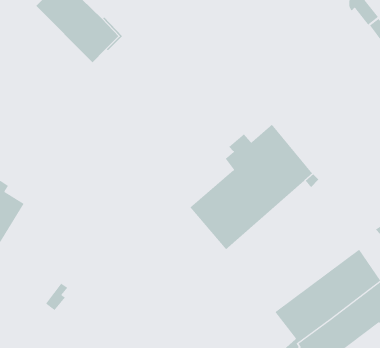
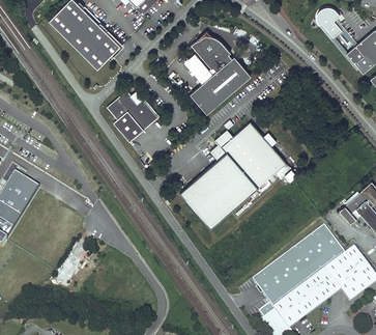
building: none -> [190,32,251,111]
building: none -> [107,87,160,140]

